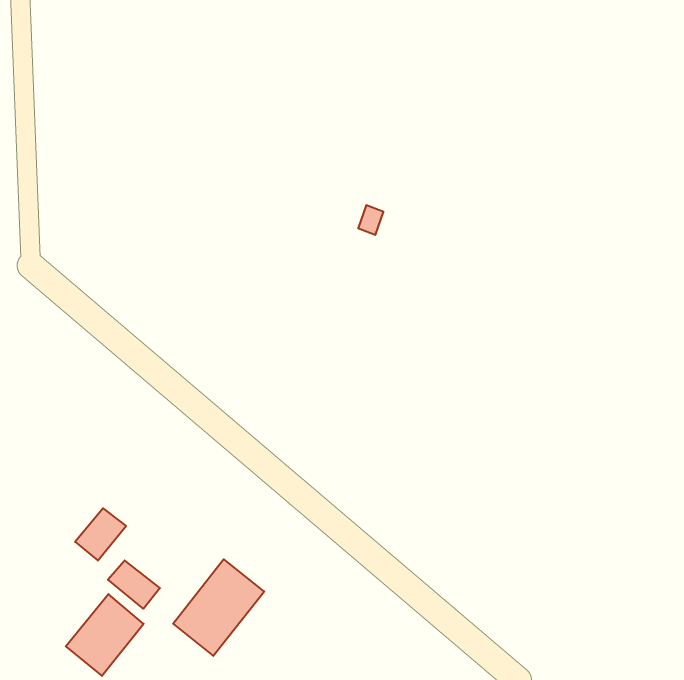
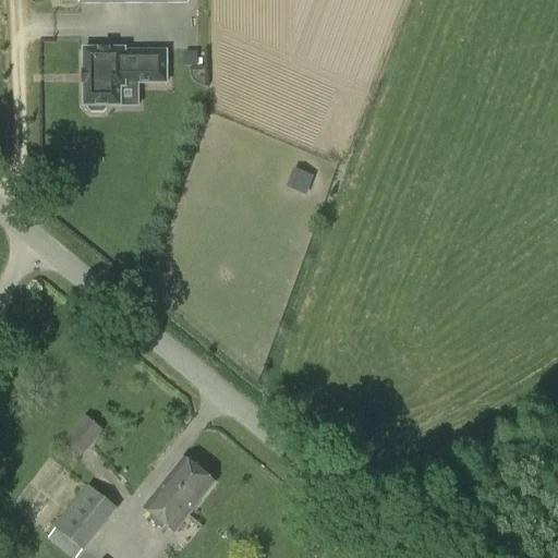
building: none -> [84,48,168,110]
building: [108,560,160,609] -> none

